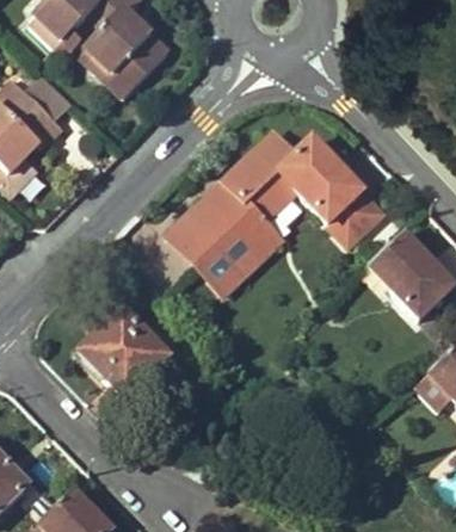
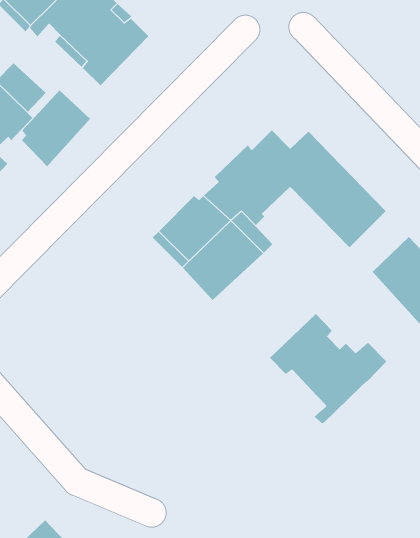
building: none -> [21,90,91,167]
building: none -> [269,313,387,424]
building: [80,308,170,396] -> none

